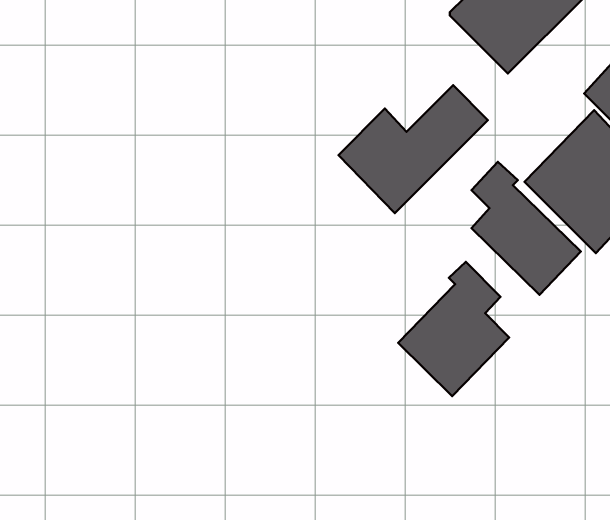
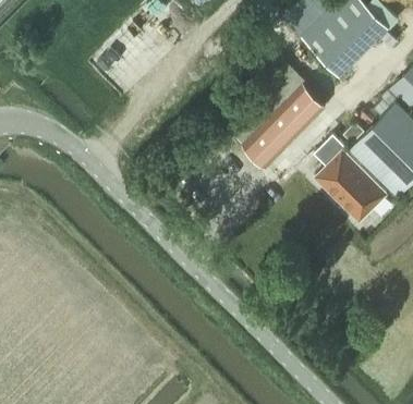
building: [398,262,509,396] -> none

